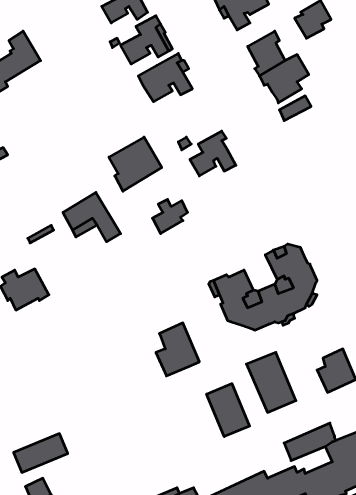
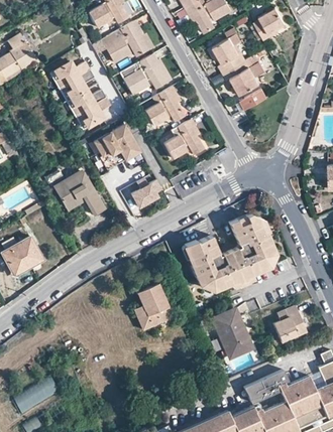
building: none -> [56,61,112,127]
building: none -> [146,86,186,125]
building: [207,384,250,437] -> none

